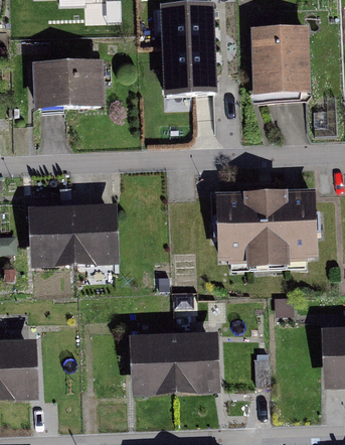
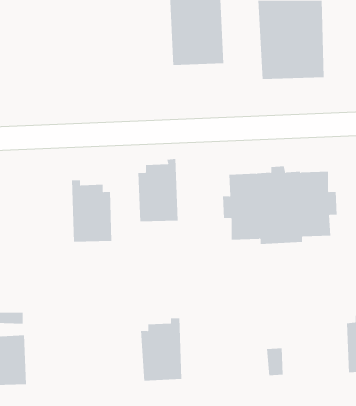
building: [28,64,101,113] -> none
building: [36,200,74,260] -> [137,158,178,222]
building: [174,328,213,387] -> none

